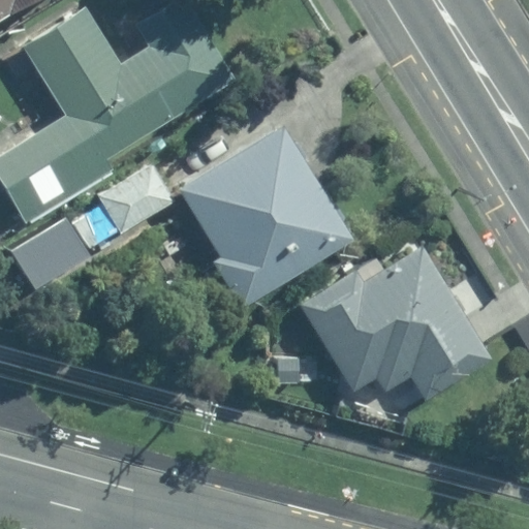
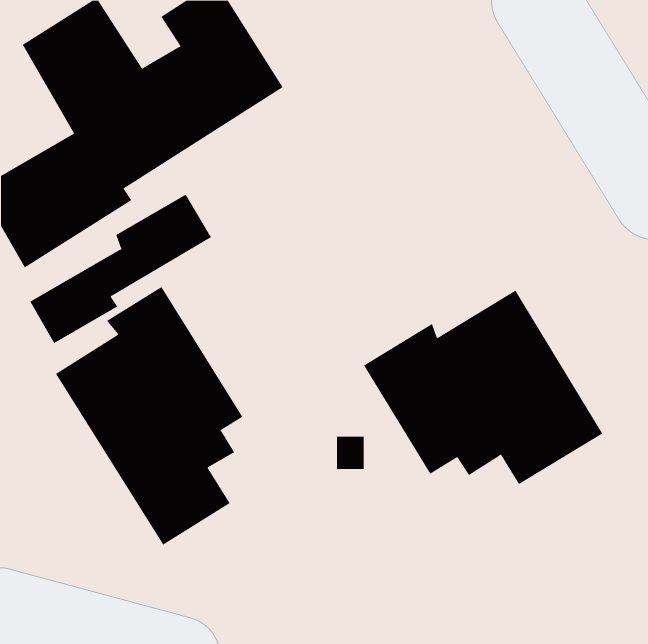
building: [178,126,352,308] -> none
building: none -> [55,286,243,546]

